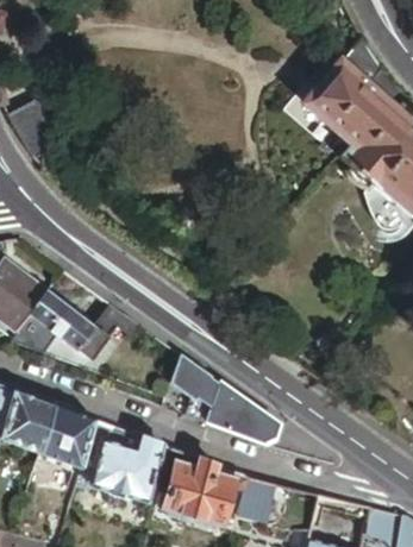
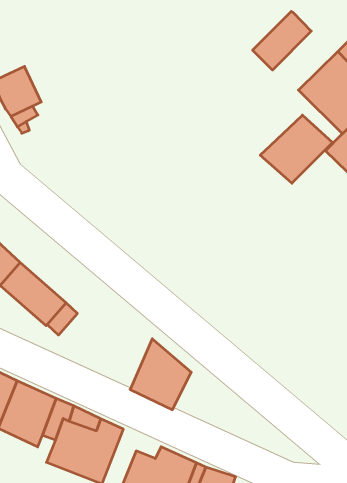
building: none -> [253,11,311,70]
building: none -> [260,115,332,183]
building: [208,385,282,447] -> none

